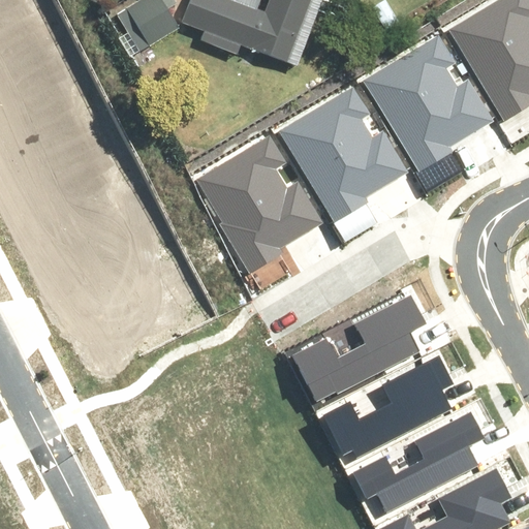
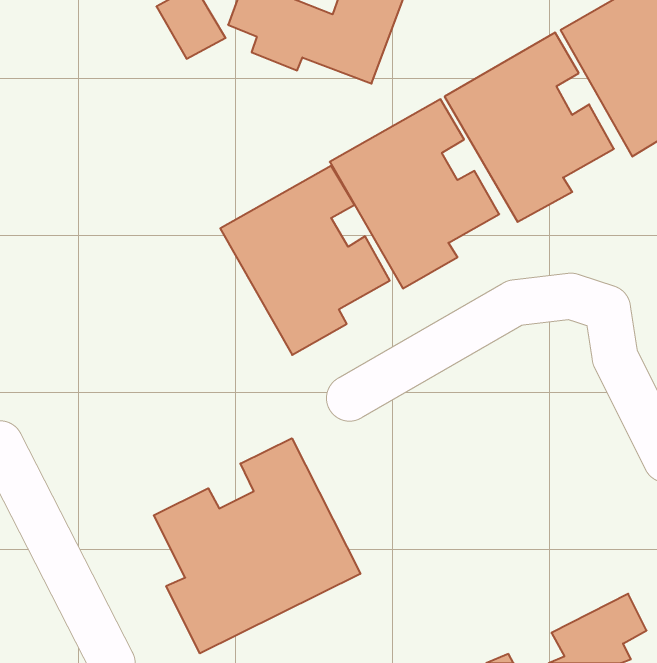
building: [290,301,426,398] -> none
building: none -> [154,438,360,653]
building: [324,355,459,453] -> none
building: [356,411,492,508] -> none

